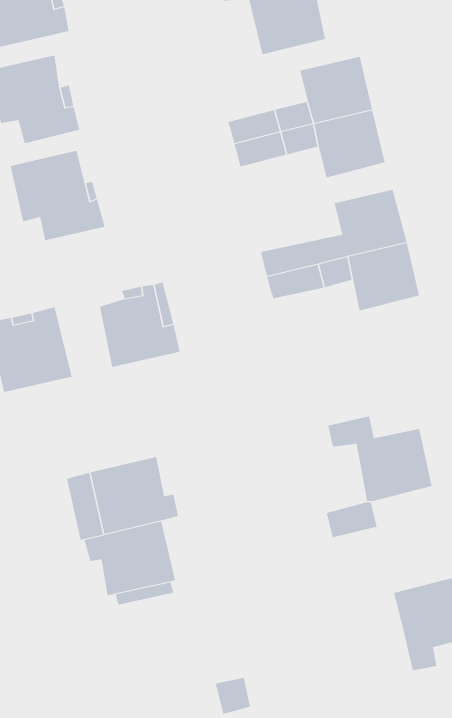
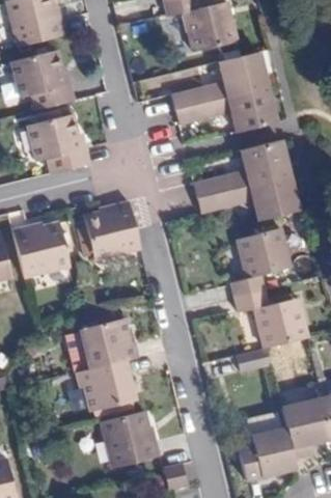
building: none -> [232,230,289,297]
building: none -> [101,411,159,467]
building: none -> [239,428,295,479]

